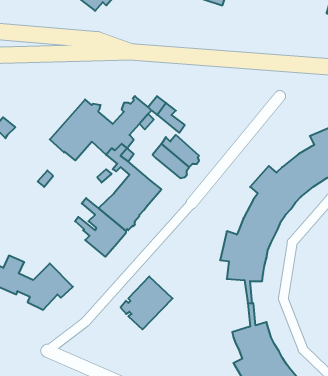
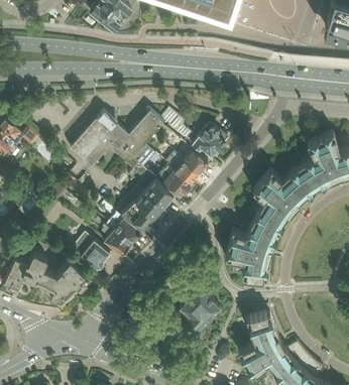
building: none -> [194,121,229,156]
building: none -> [159,163,192,192]
building: none -> [73,232,110,266]
building: [121,276,173,329] -> [174,286,222,335]

